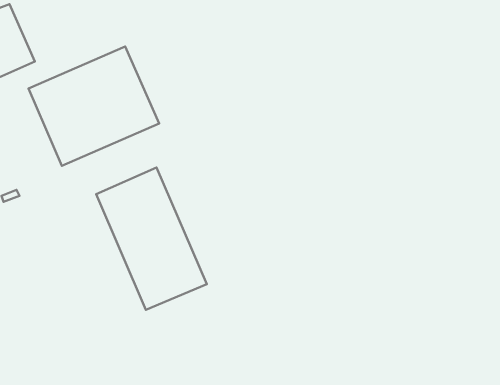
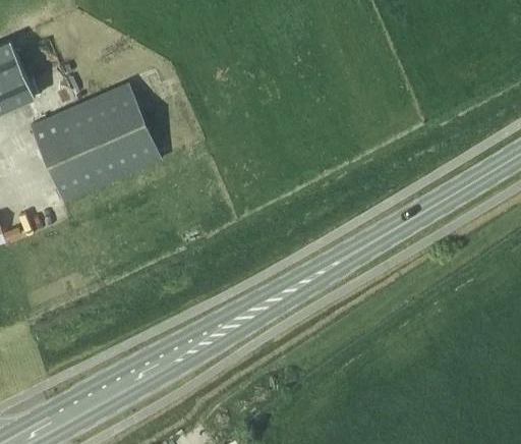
building: [96,168,207,310] -> none

